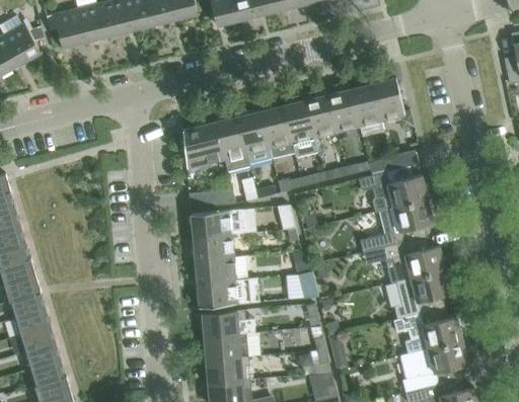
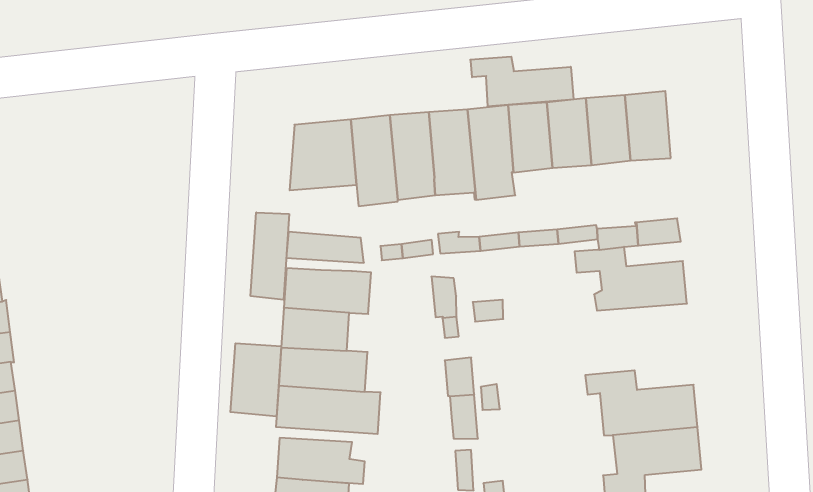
building: none -> [470,57,573,106]
building: none -> [251,212,289,300]
building: [360,199,433,253] -> none
building: none -> [230,343,281,417]

